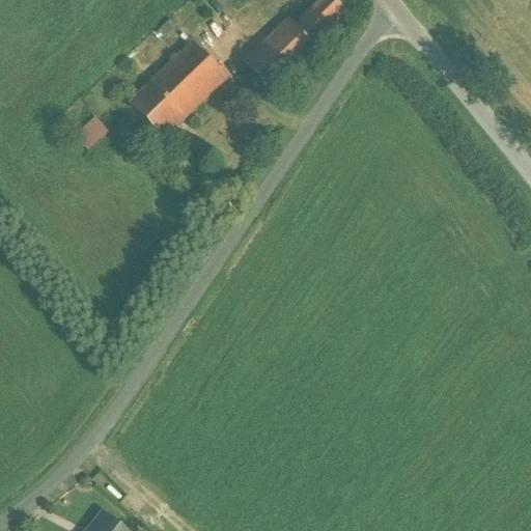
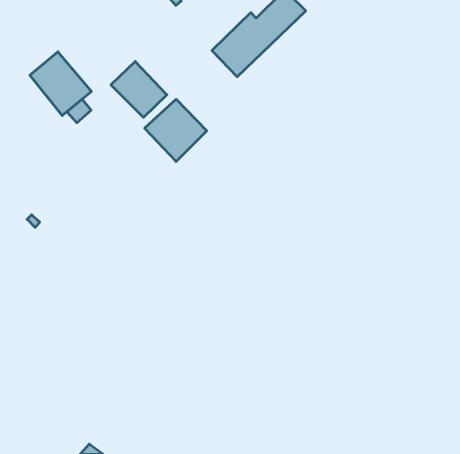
building: [156,37,227,109] -> [145,99,207,162]
building: none -> [30,52,91,116]

